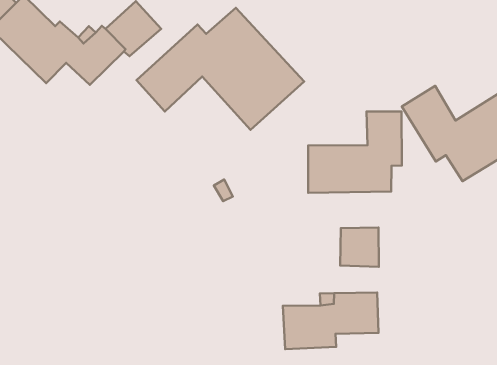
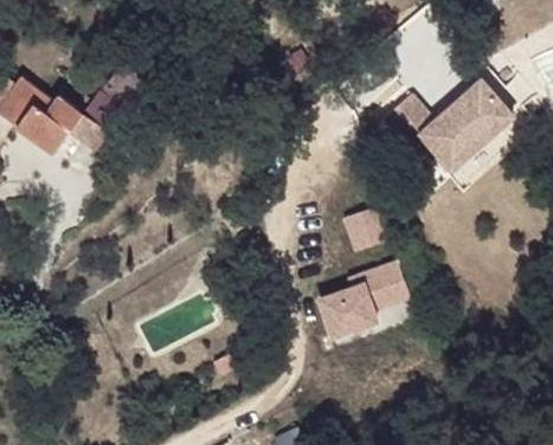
building: [137,8,304,130] -> none
building: [308,111,402,193] -> none

